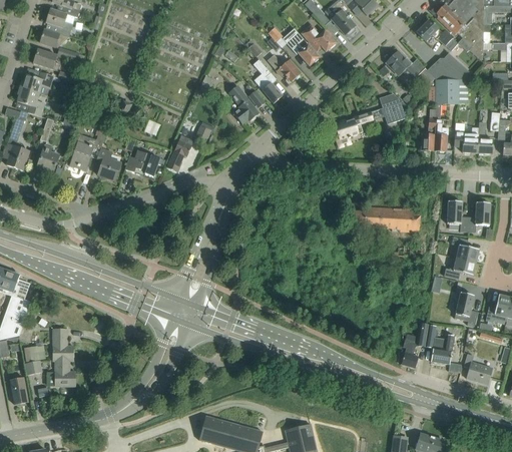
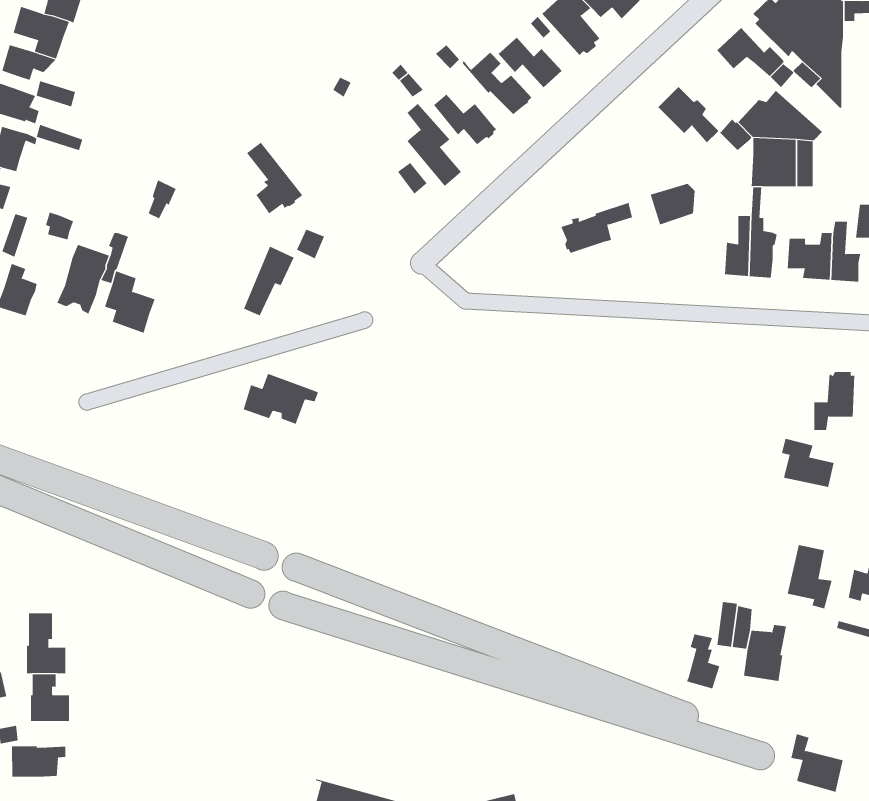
building: [229,85,260,123] -> [246,142,303,214]
building: [125,149,165,176] -> [243,373,319,425]
building: [445,200,468,232] -> none
building: [349,206,420,232] -> none
building: [444,257,476,279] -> none
building: [464,353,492,384] -> [790,734,844,792]
building: none -> [11,746,66,777]

